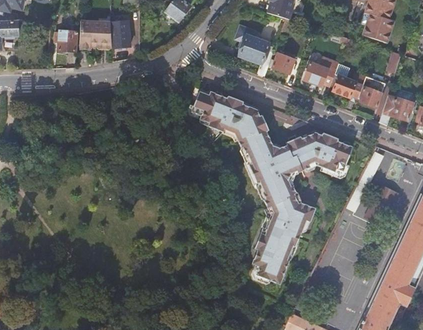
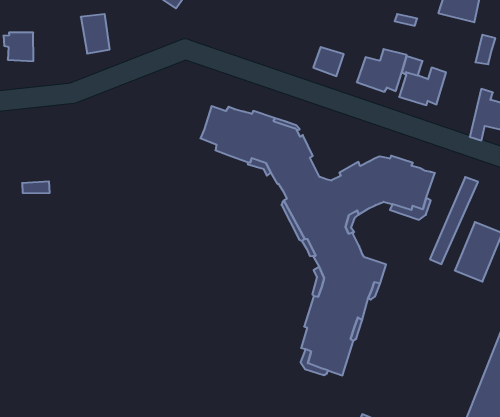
building: [80,21,110,49] -> none
building: [239,36,273,77] -> none
building: [357,75,386,107] -> none

